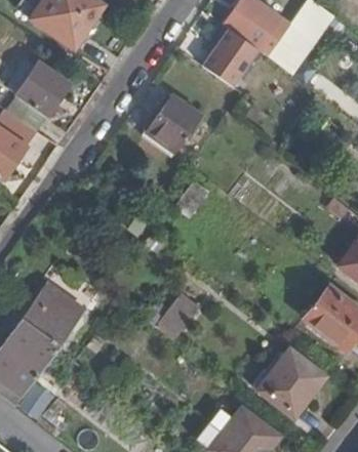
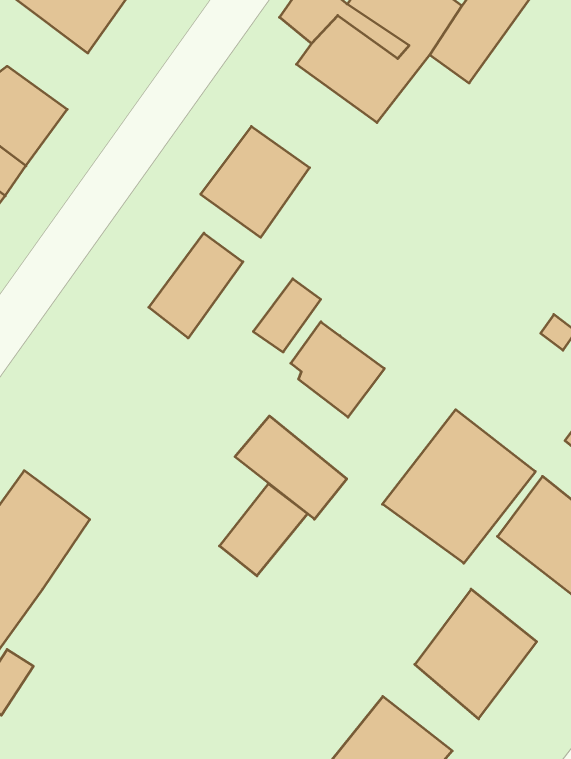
building: none -> [149,233,243,338]
building: none -> [291,322,384,417]
building: none -> [382,410,535,563]
building: none -> [235,416,347,519]

